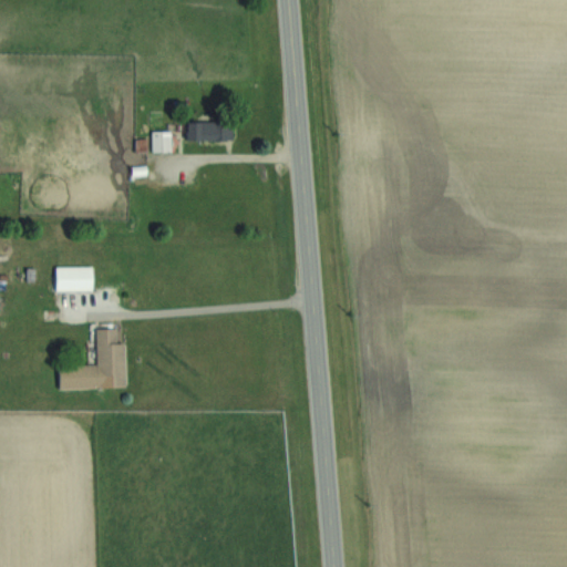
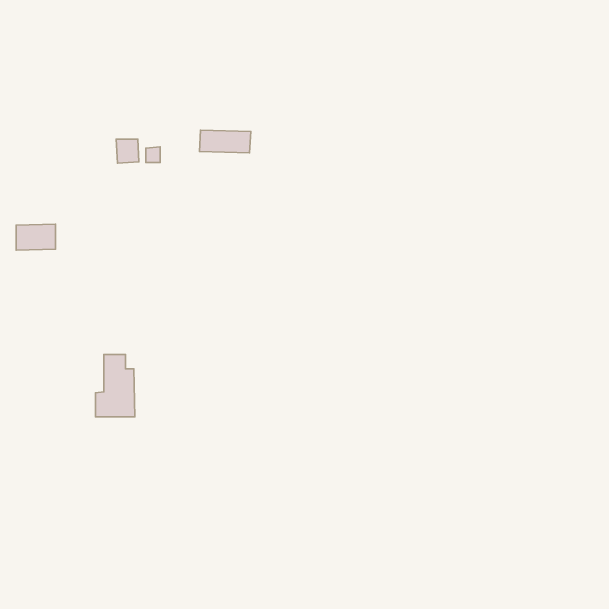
building: [153,131,174,153] -> [116,139,139,163]
building: [56,267,93,291] -> [16,224,55,250]

